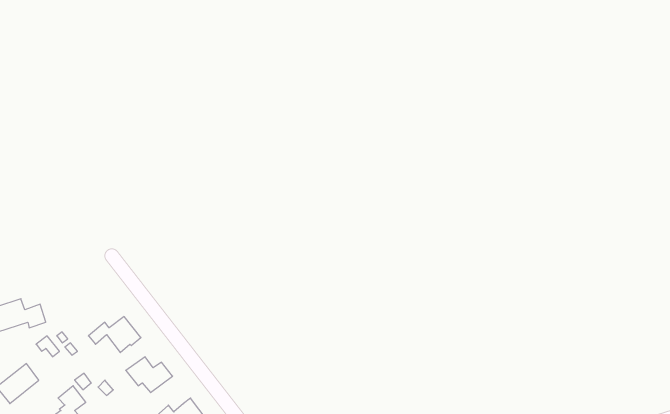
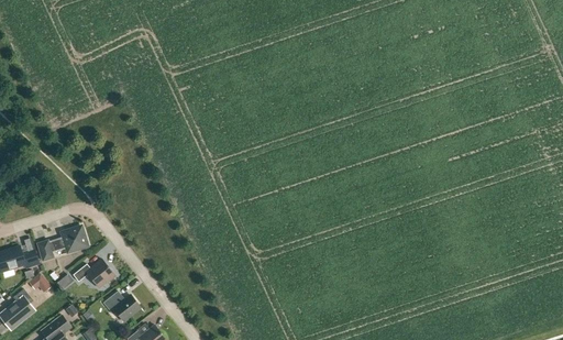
building: none -> [37,224,88,260]

